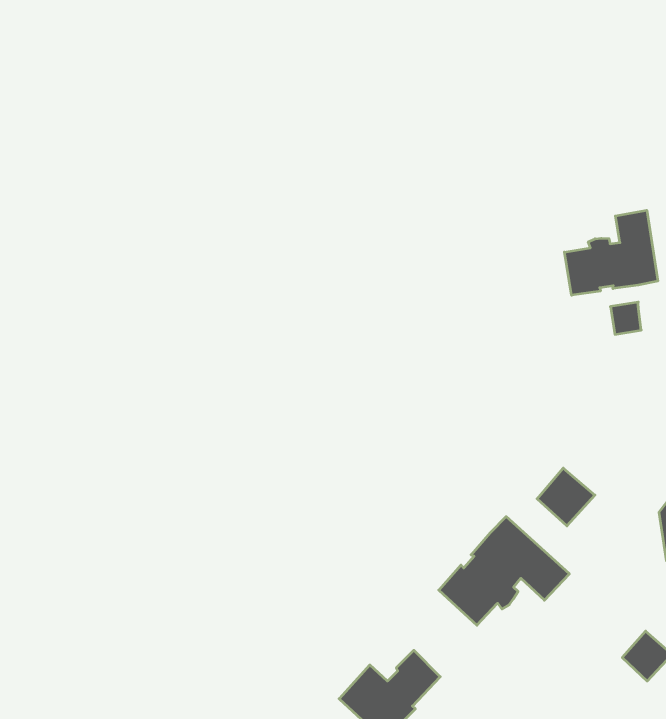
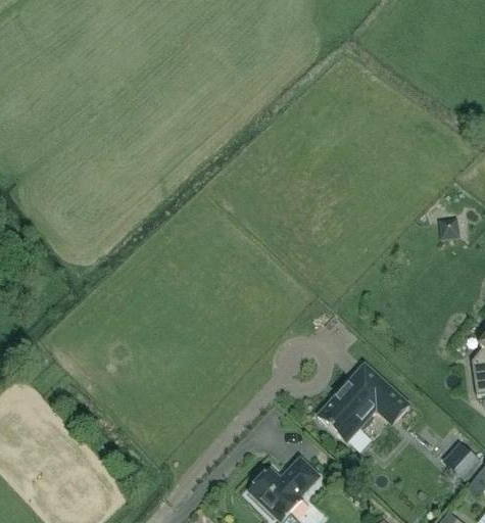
building: [564,210,658,295] -> none
building: [537,468,595,526] -> none

